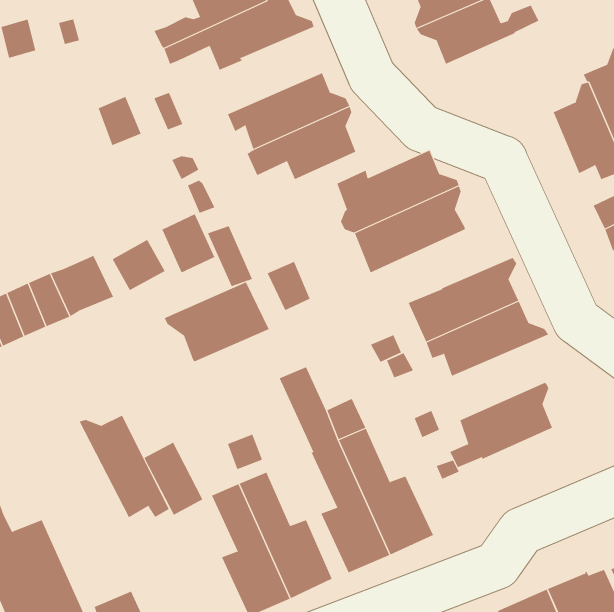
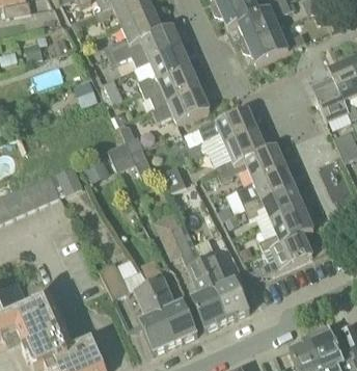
building: none -> [136,44,192,90]
building: none -> [217,144,292,181]
building: [164,281,269,362] -> none
building: none -> [259,205,313,249]
building: [79,415,169,518] -> none

